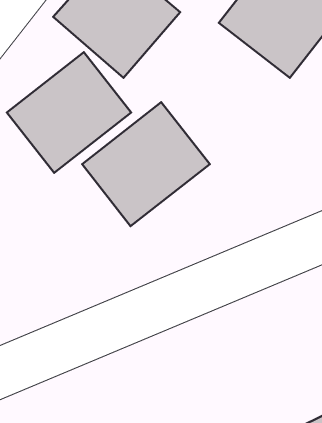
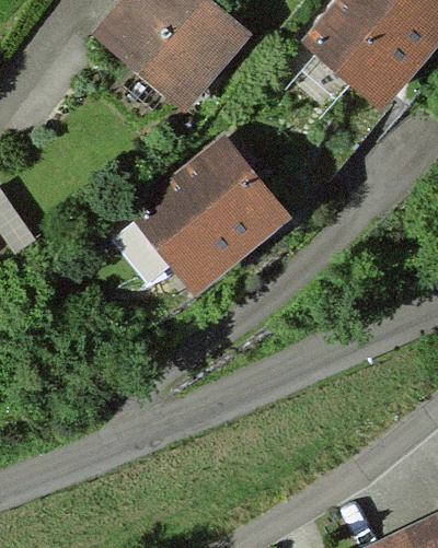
building: [7,52,131,173] -> none

